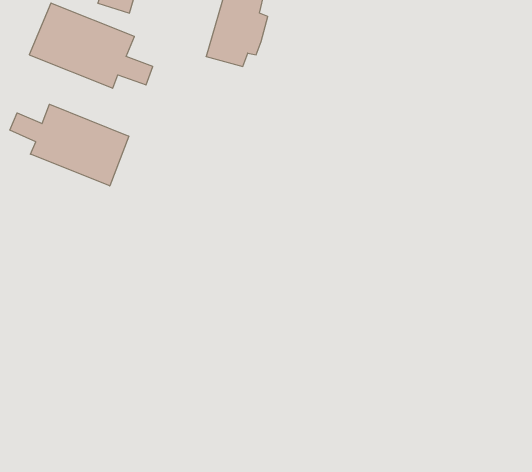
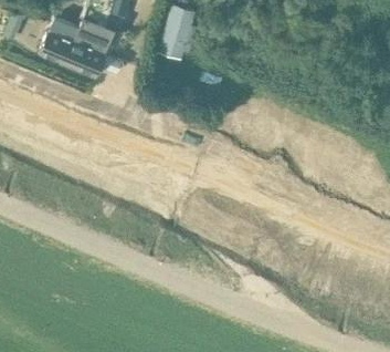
building: [10,104,129,186] -> none

